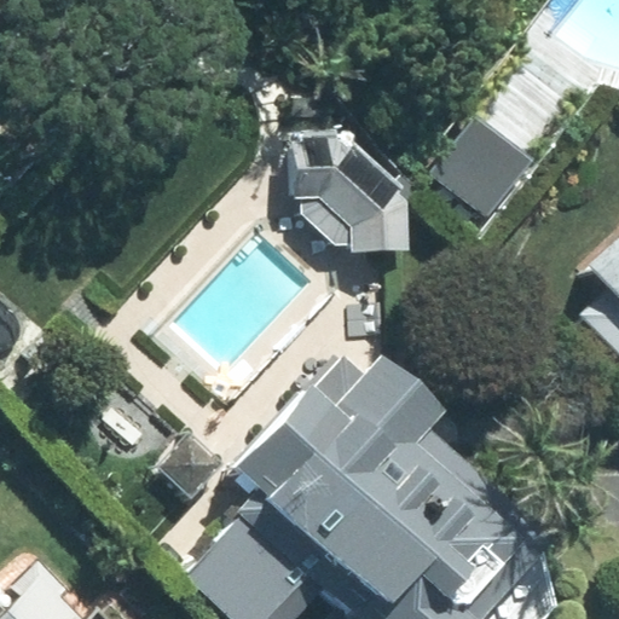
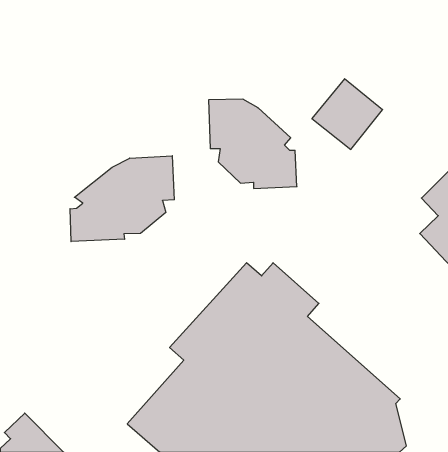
building: none -> [70,156,174,242]

